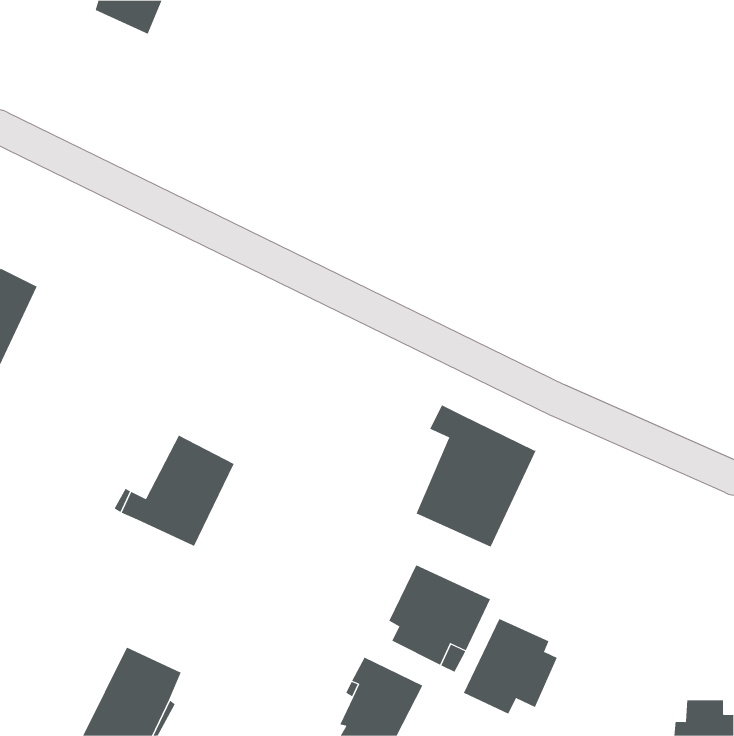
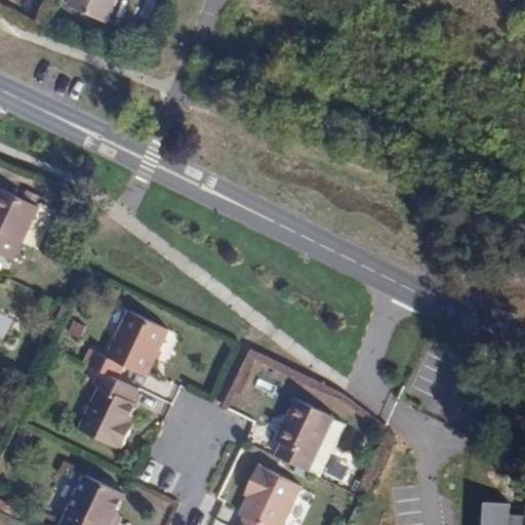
building: [416,404,537,547] -> none
building: none -> [70,370,137,449]
building: [463,618,558,715] -> none

